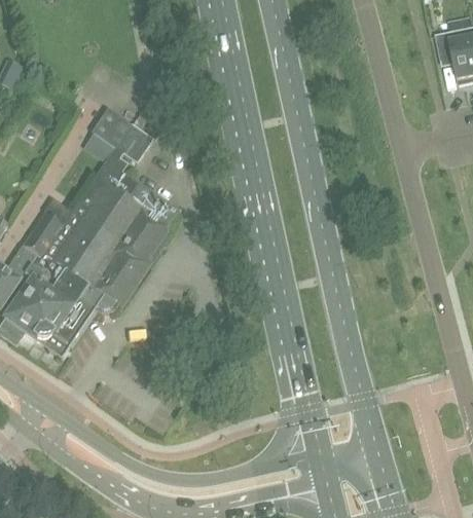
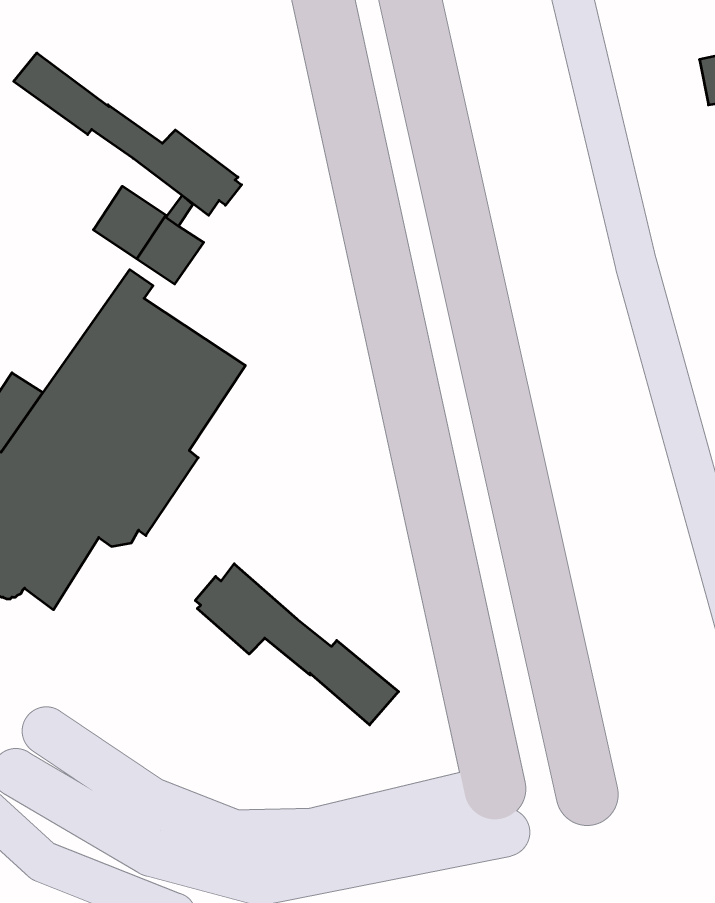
building: none -> [14,53,242,215]
building: none -> [195,564,399,725]

